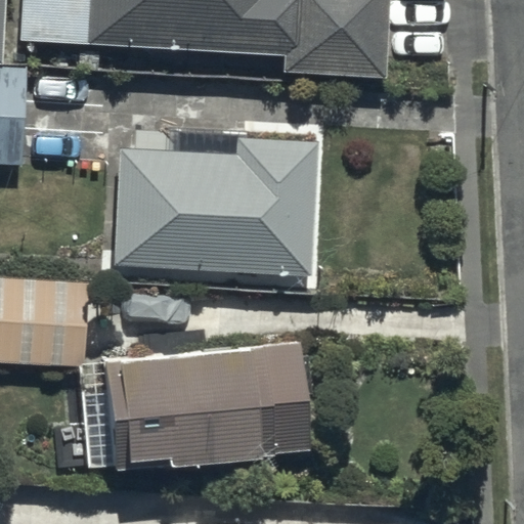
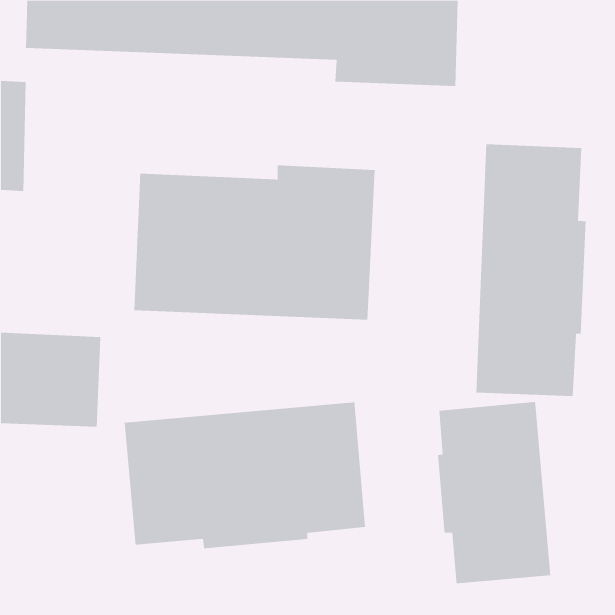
building: none -> [476,144,586,397]
building: none -> [438,401,551,584]

